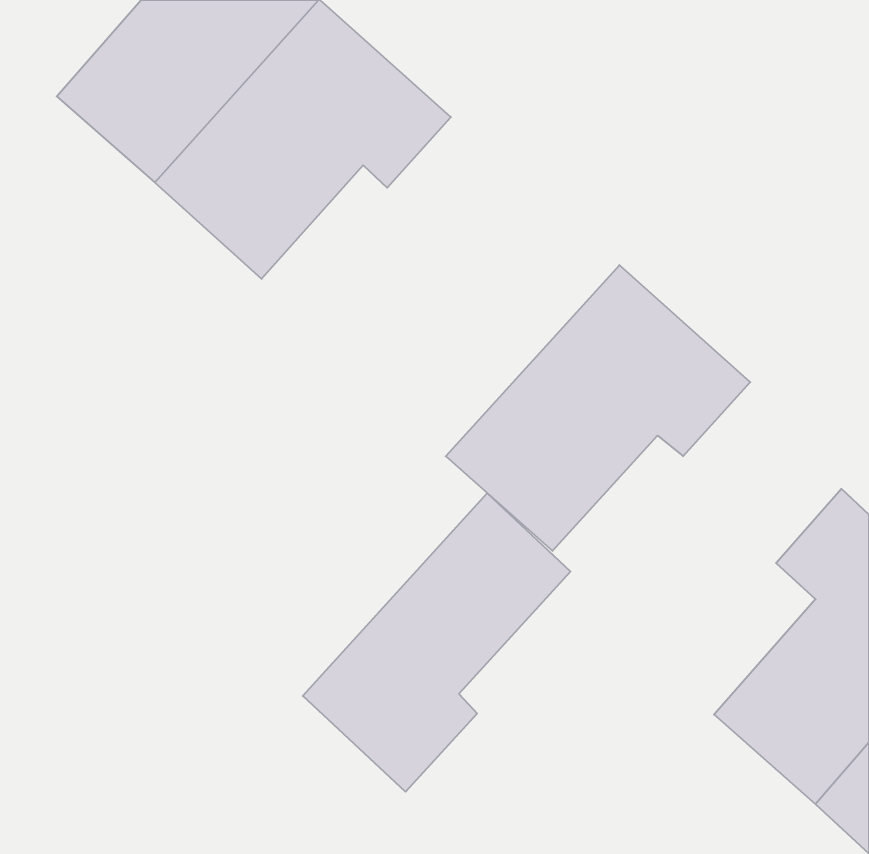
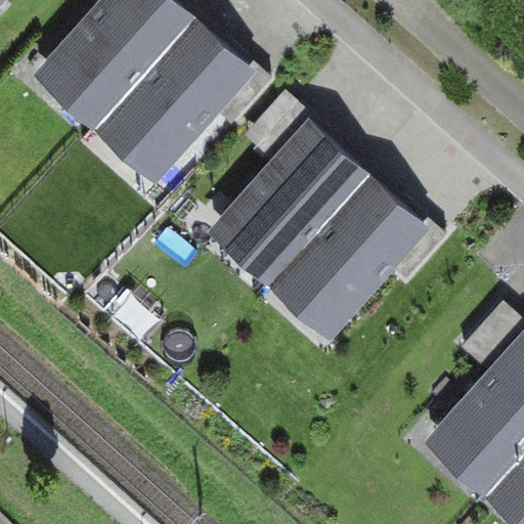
building: none -> [206,98,368,287]
building: [303,493,570,792] -> none

